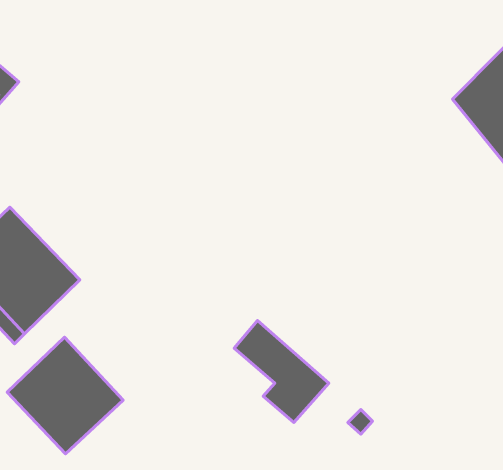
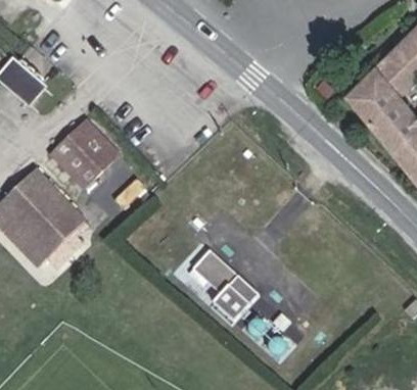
building: none -> [50,118,120,189]
building: [7,337,123,454] -> none

